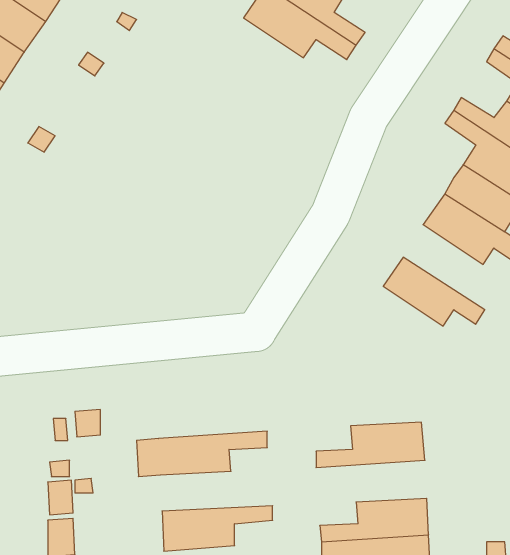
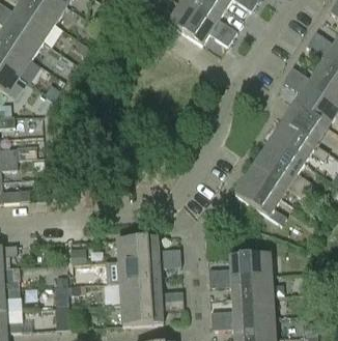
building: none -> [258,139,309,188]
building: none -> [234,174,286,224]
building: none -> [116,236,180,261]
building: none -> [208,274,272,297]
building: none -> [119,280,184,303]

